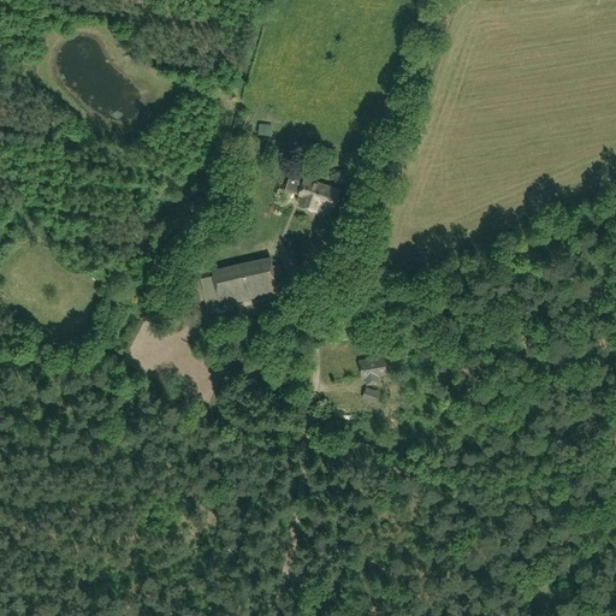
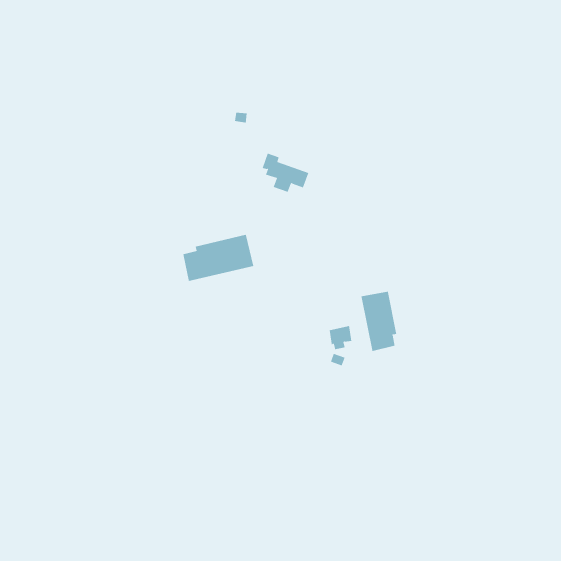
building: none -> [361,291,397,352]

